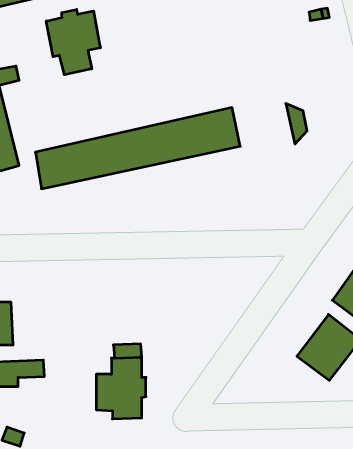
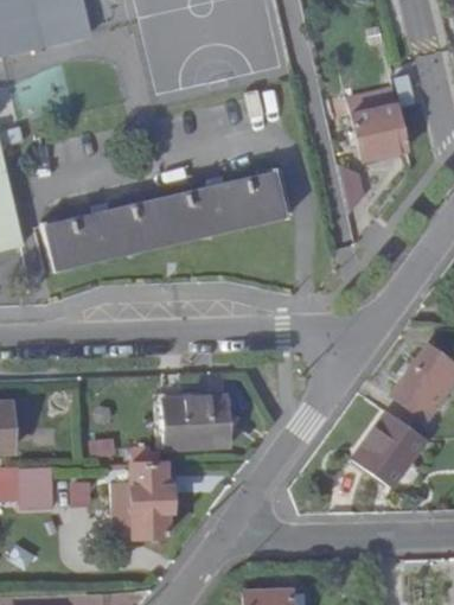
building: [46,9,100,75] -> none
building: none -> [349,104,407,157]
building: none -> [168,396,234,447]

